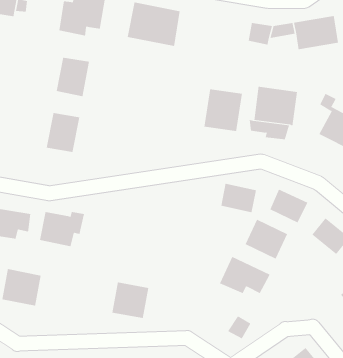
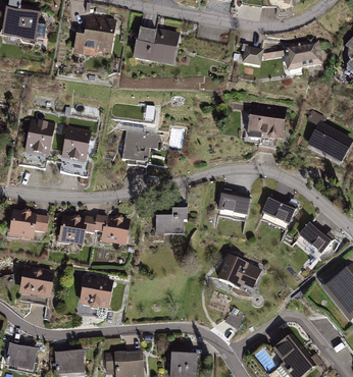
building: [56,57,90,97] -> [24,119,55,155]
building: [204,88,242,132] -> none
building: none -> [121,128,159,163]
building: none -> [154,208,187,232]
building: none -> [93,212,130,247]
building: [245,219,288,260] -> none
building: [112,282,149,318] -> [81,277,114,310]

